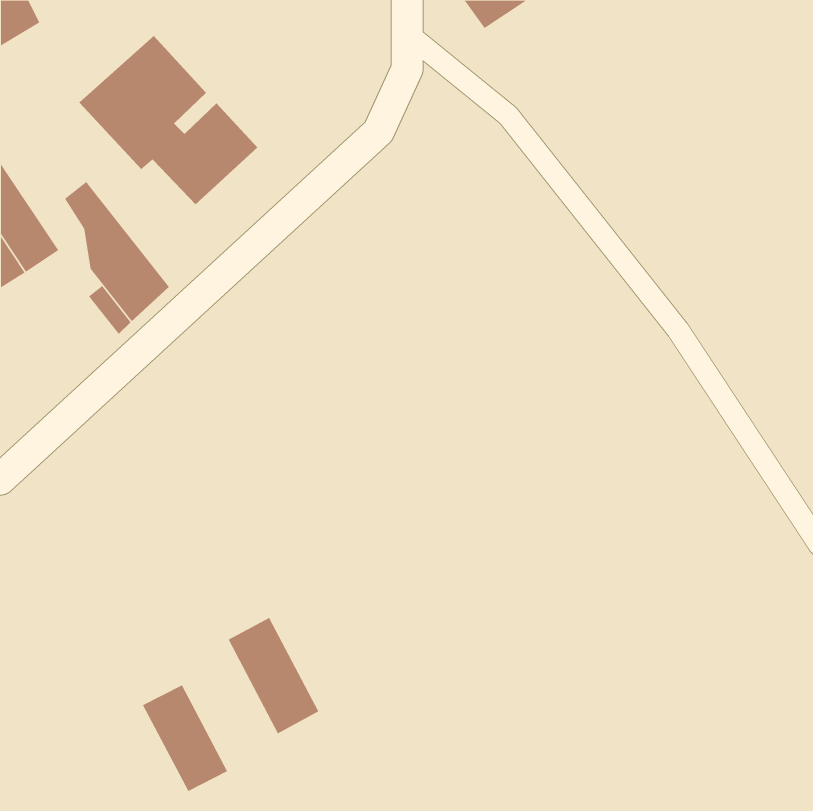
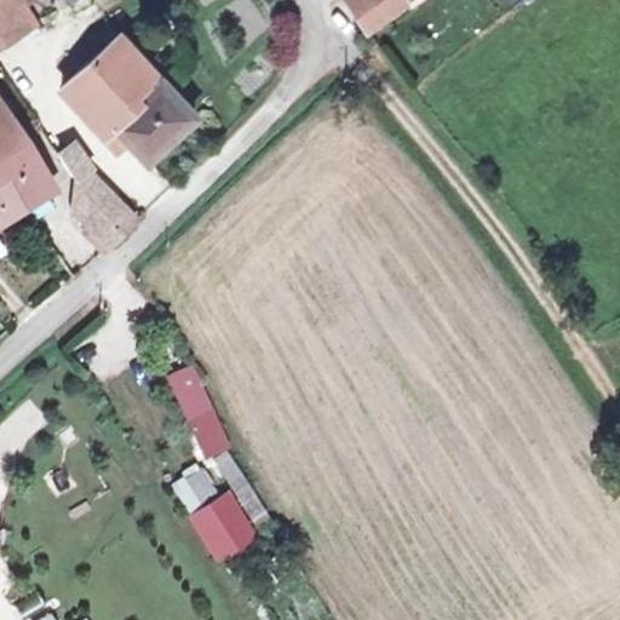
building: none -> [167,369,236,469]
building: [142,685,228,792] -> none

